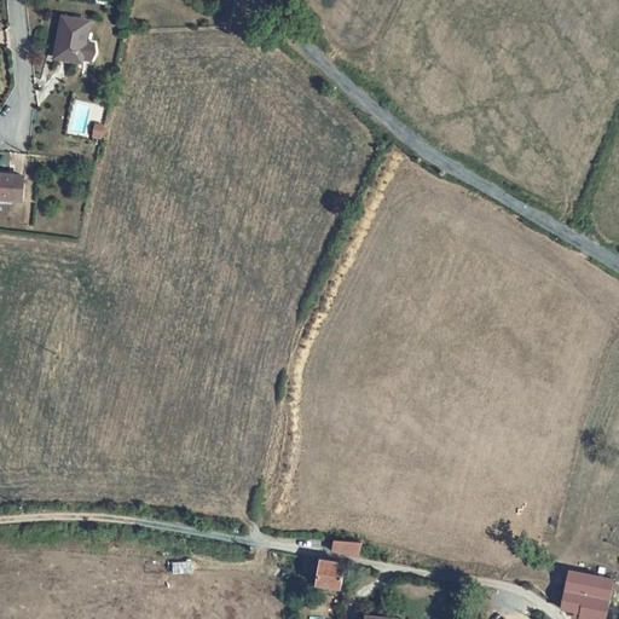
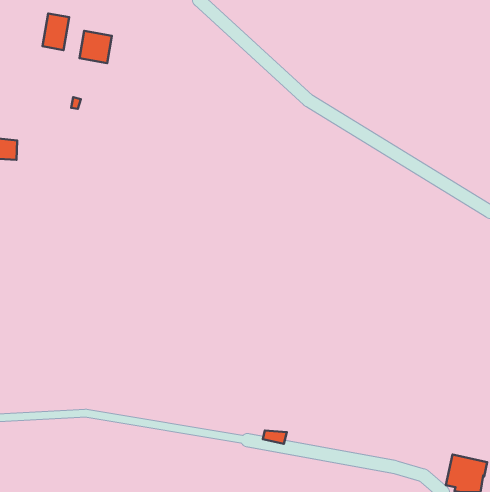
building: none -> [79,31,112,63]
building: [314,560,343,589] -> none

